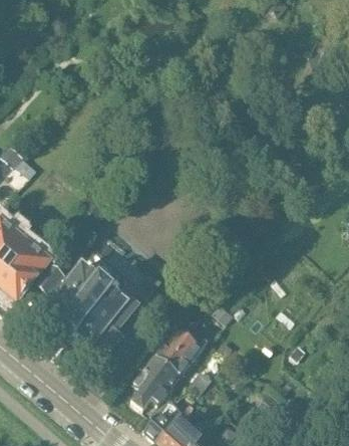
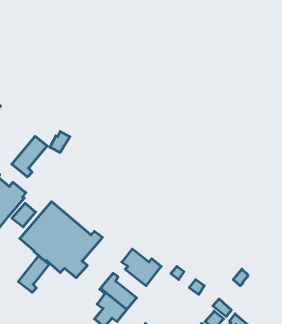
building: none -> [12,136,47,177]
building: none -> [18,256,49,292]
building: [152,330,191,372] -> none

